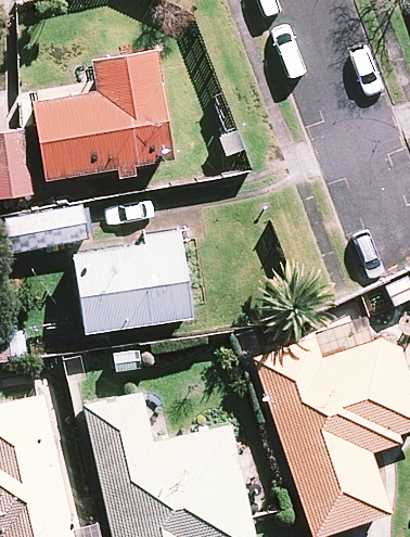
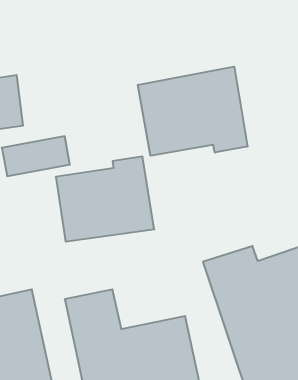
building: [34,51,174,182] -> none
building: none -> [138,67,248,156]

